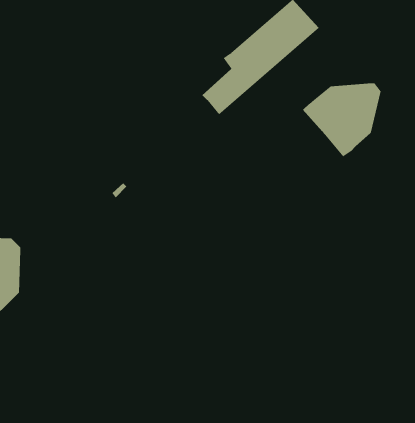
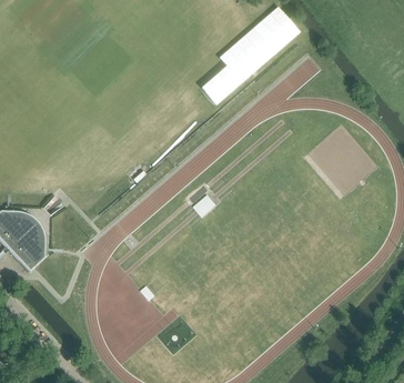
building: [302,82,381,157] -> none

